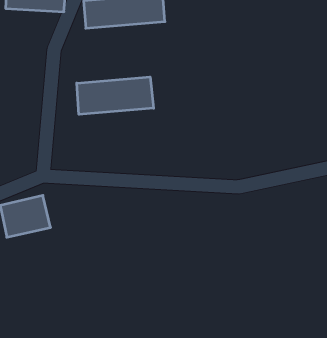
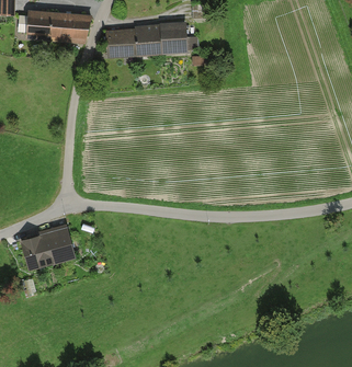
building: [77,77,154,114] -> none

